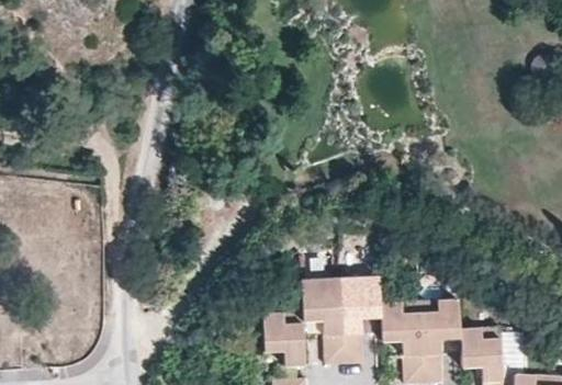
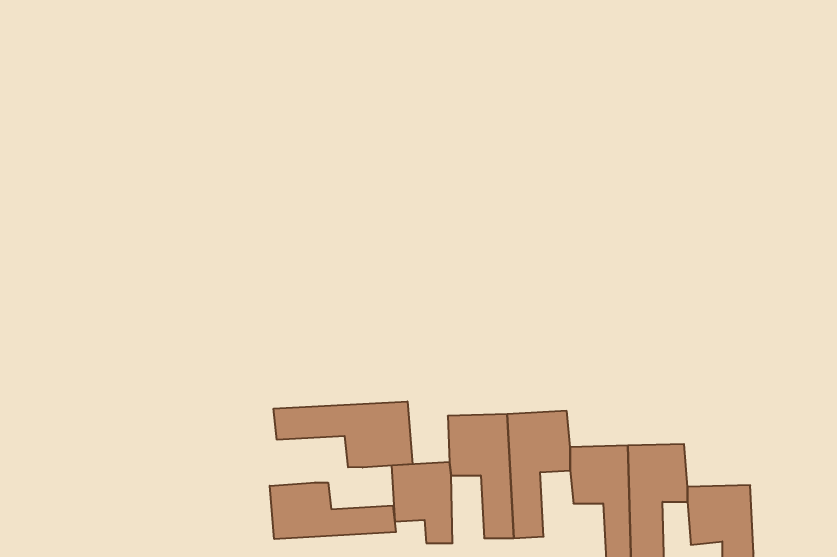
building: none -> [274,401,412,468]
building: none -> [270,482,396,539]

